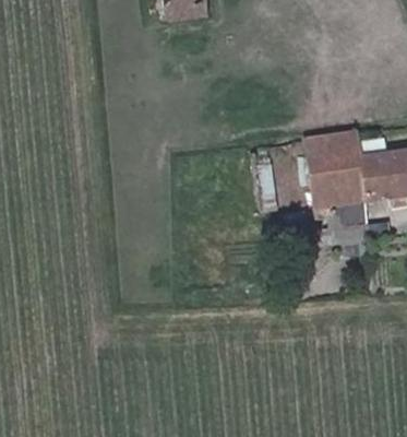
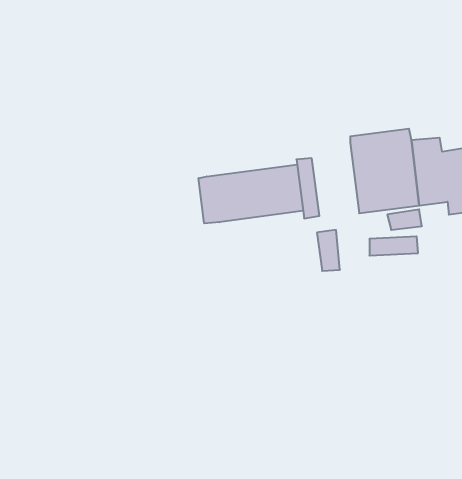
building: none -> [199,165,303,223]

